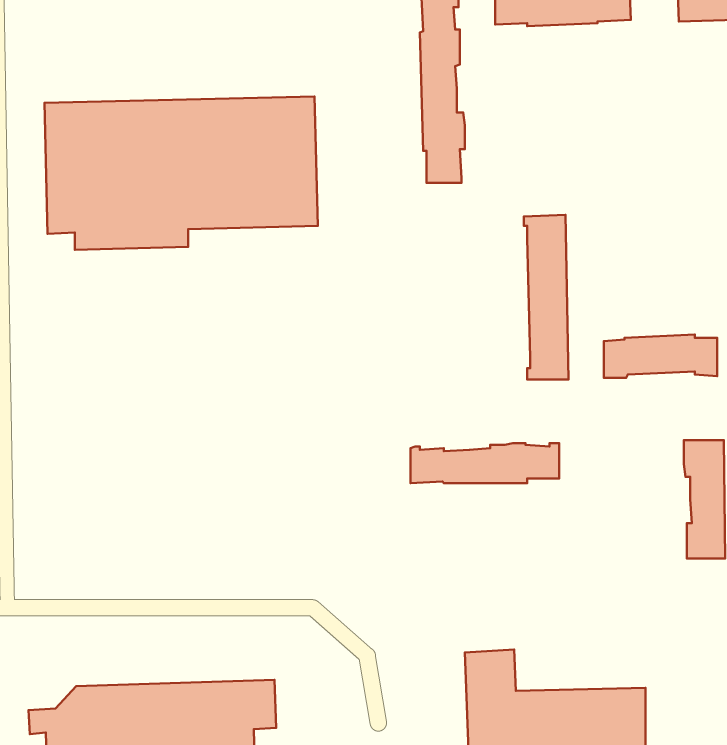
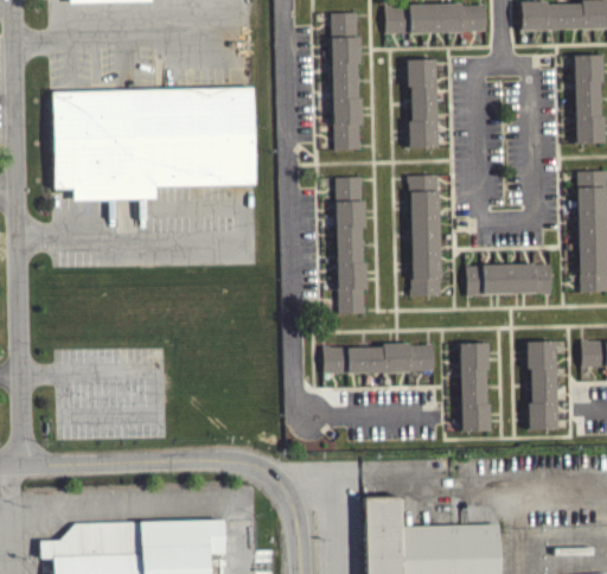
building: none -> [408,59,439,148]
building: none -> [336,177,368,313]
building: none -> [460,343,491,433]

